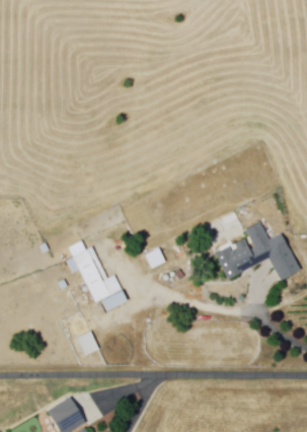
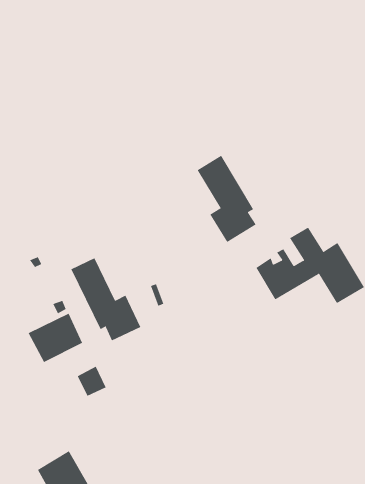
building: none -> [197,155,256,243]
building: none -> [28,313,83,363]

